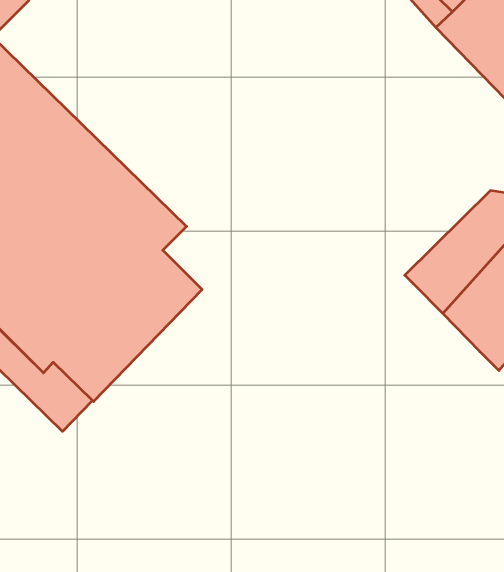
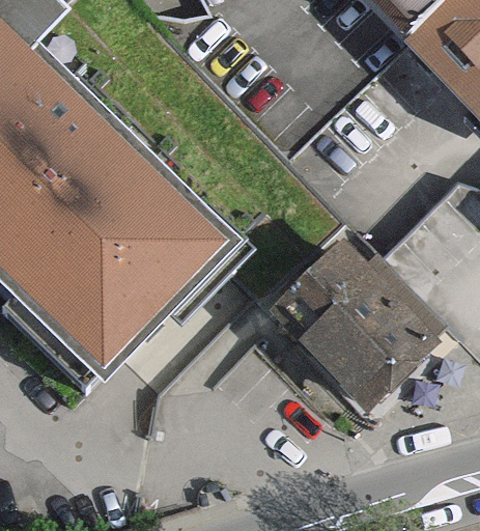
building: none -> [287,254,451,400]

